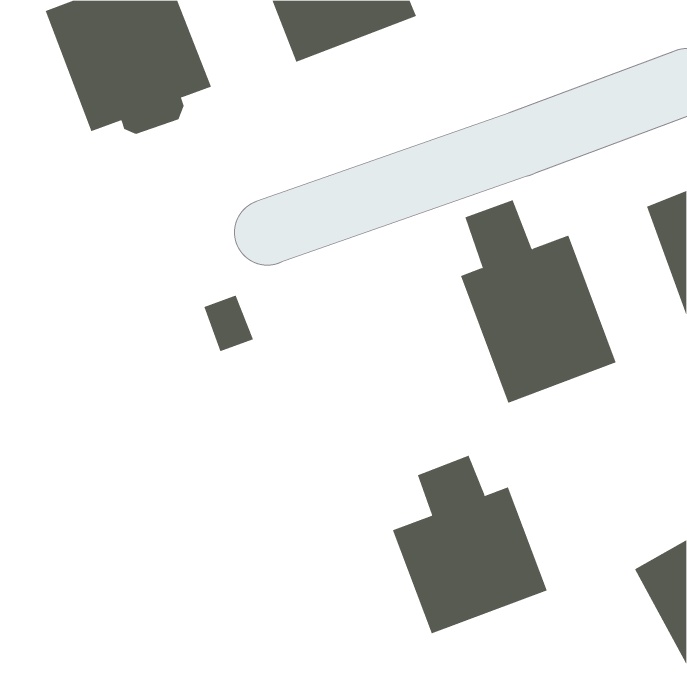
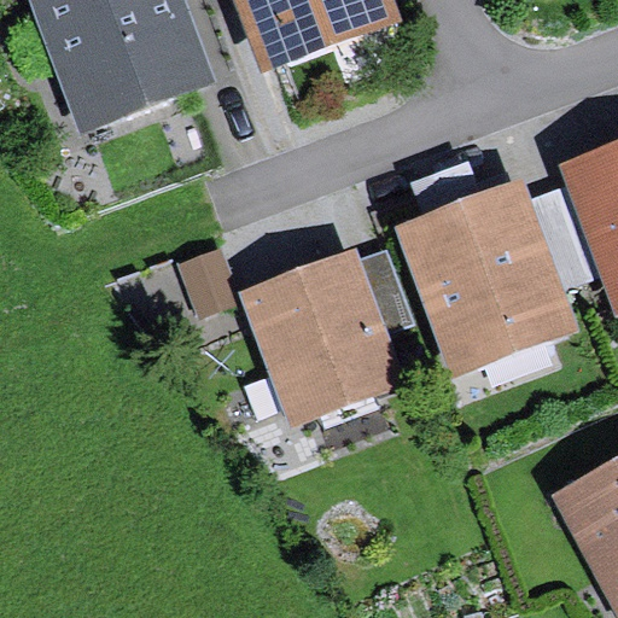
building: none -> [246,257,402,419]
building: [392,455,547,634] -> none

